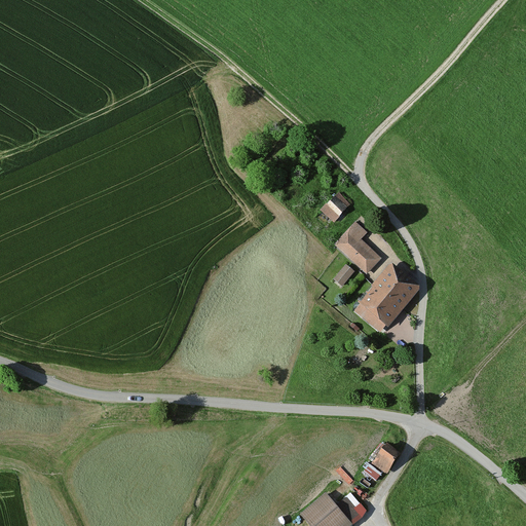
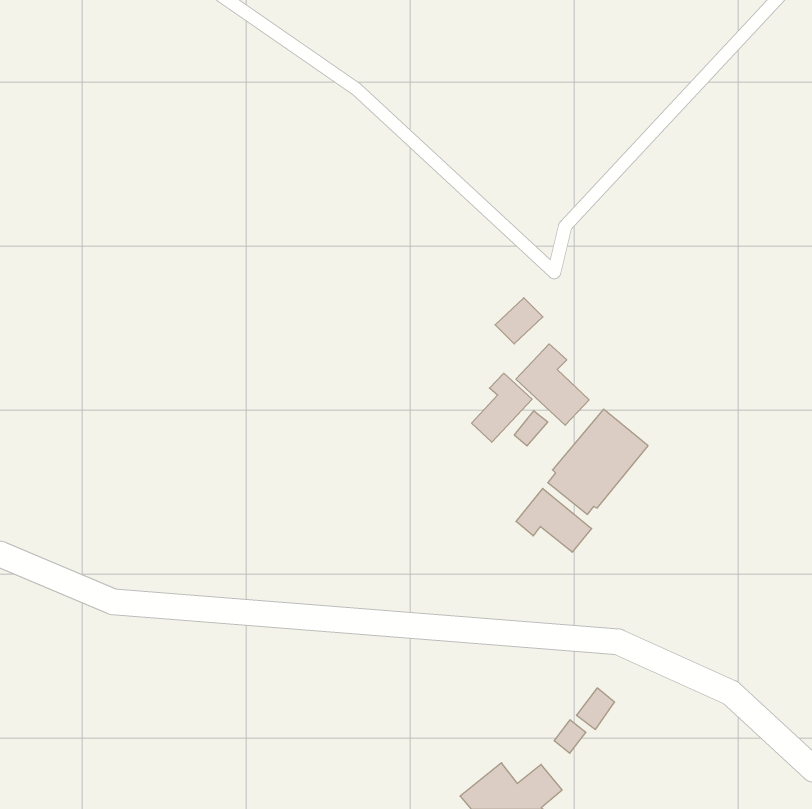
building: none -> [472,373,532,442]
building: none -> [516,488,592,552]

